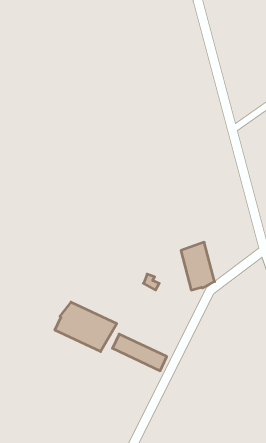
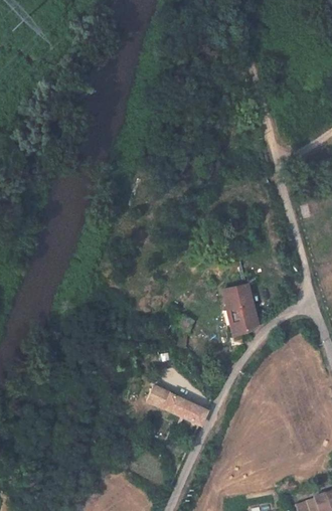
building: [55,302,117,352] -> none

